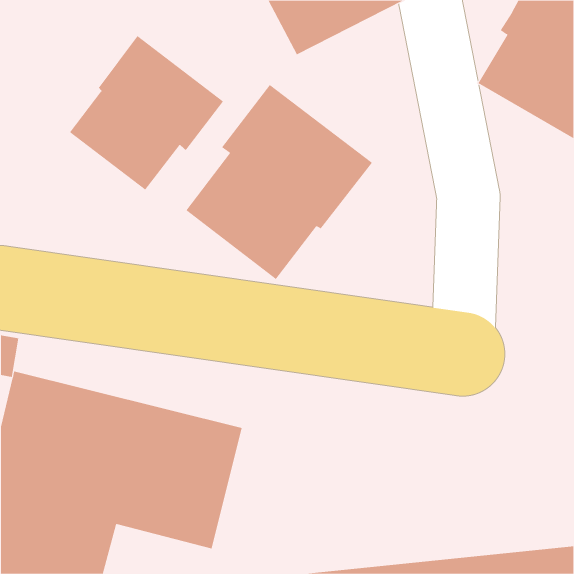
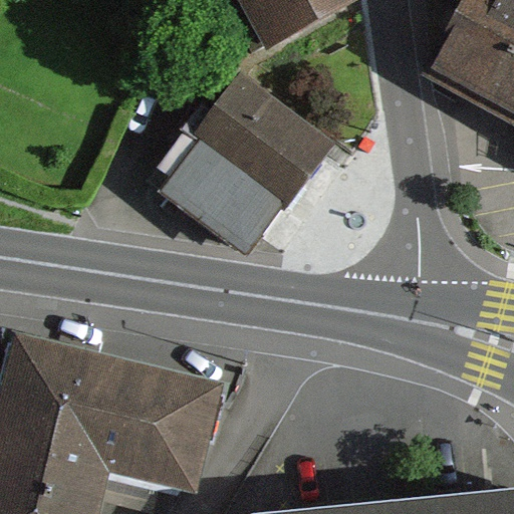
building: [69,35,224,191] -> none

